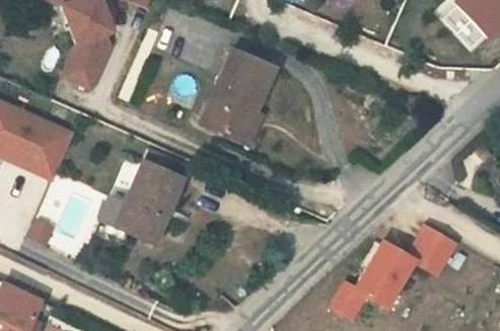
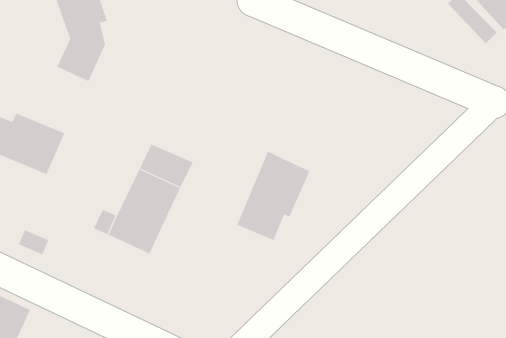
building: [206,49,276,134] -> [236,151,310,241]
building: [331,227,453,317] -> none

